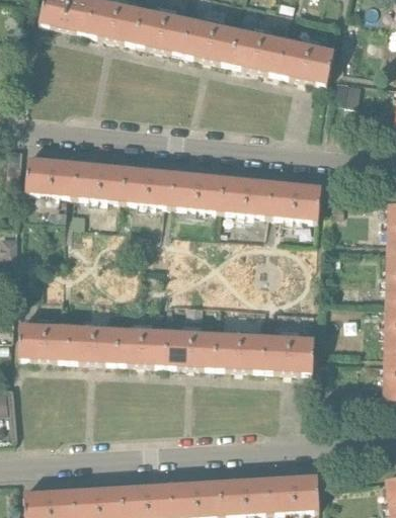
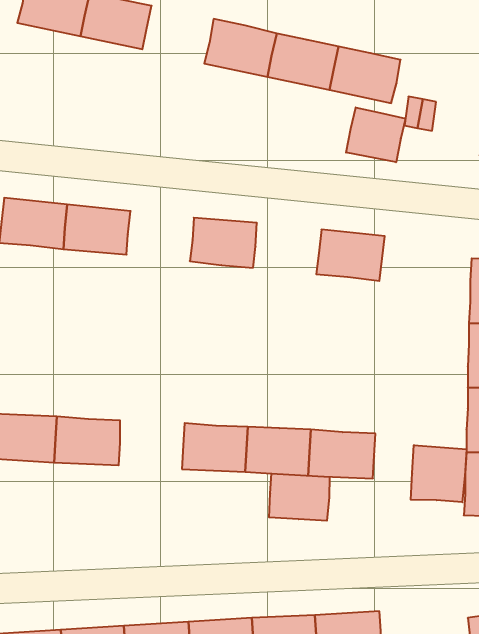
building: [135,9,189,54] -> none
building: none -> [346,107,405,162]
building: [123,167,174,205] -> none
building: [220,176,272,215] -> none
building: [116,328,167,365] -> none
building: none -> [411,445,466,502]
building: none -> [269,474,329,521]

